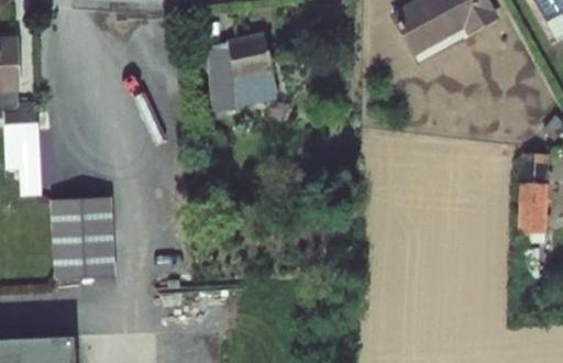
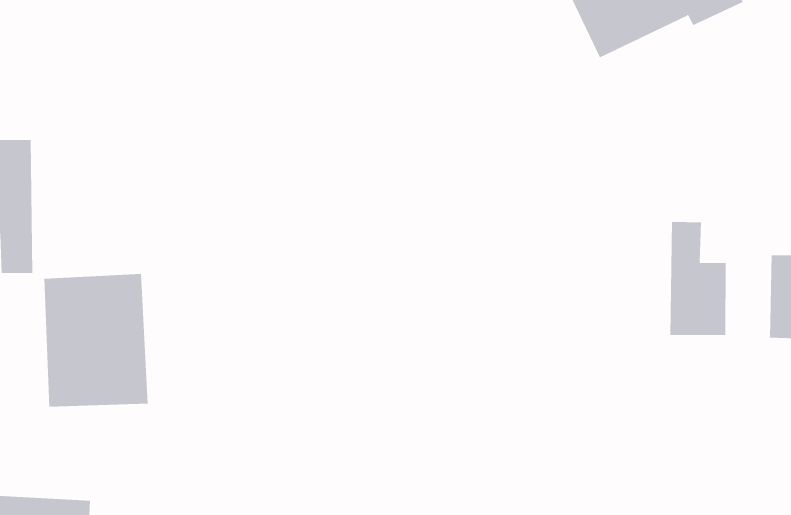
building: [205,34,279,111] -> none
building: none -> [670,221,726,336]

